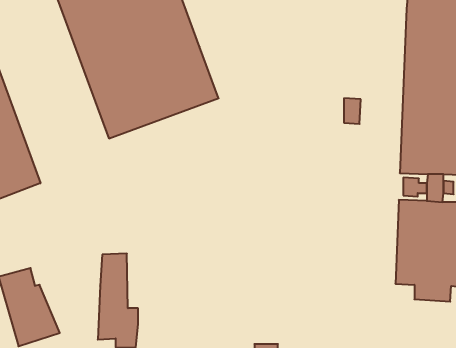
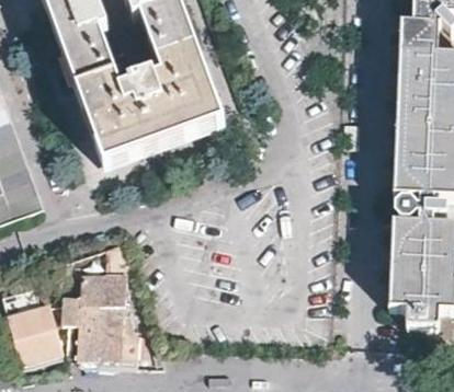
building: none -> [59,276,101,359]

